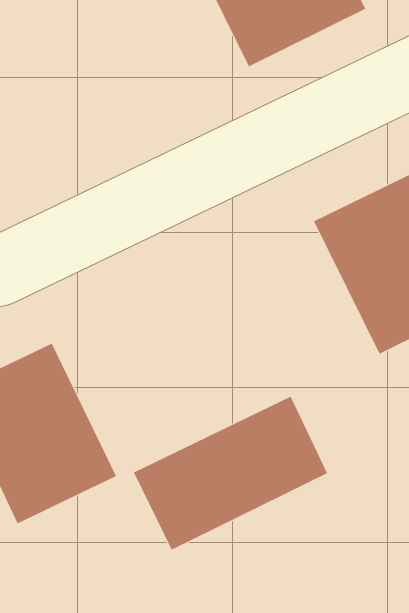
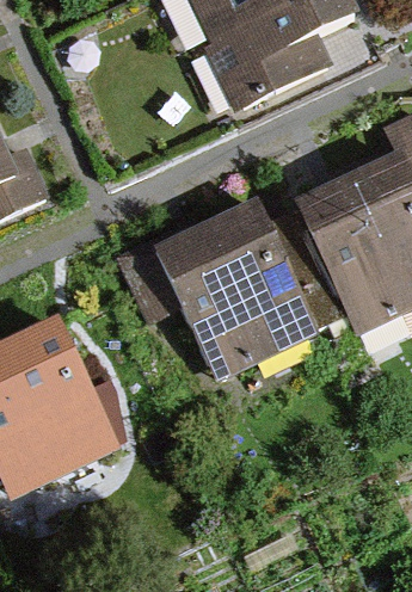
building: none -> [156,209,309,376]
building: [133,396,328,550] -> none

